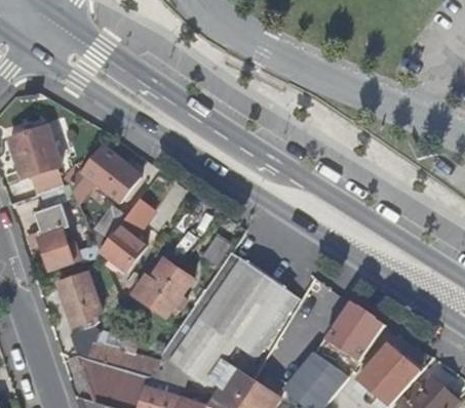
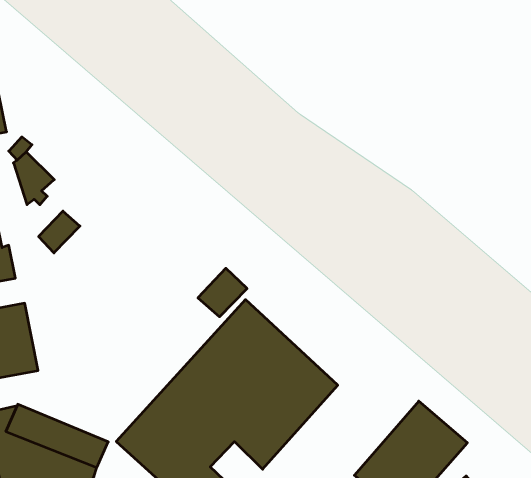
building: [83,148,127,189] -> none
building: [98,199,152,272] -> none
building: [137,255,195,318] -> none

